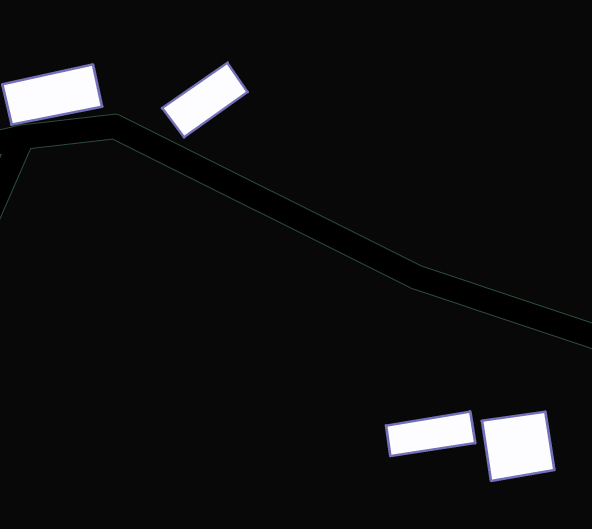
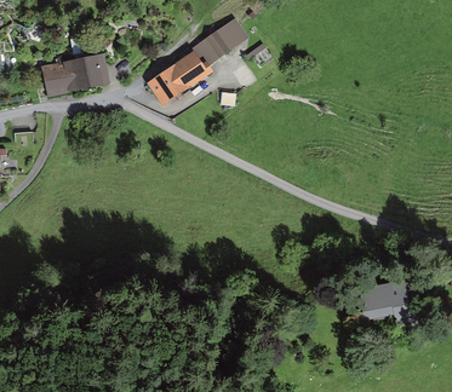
building: none -> [196,17,248,63]
building: [386,411,475,456] -> none

